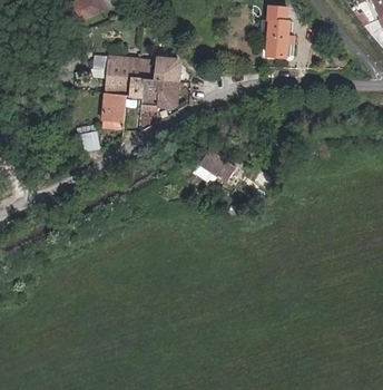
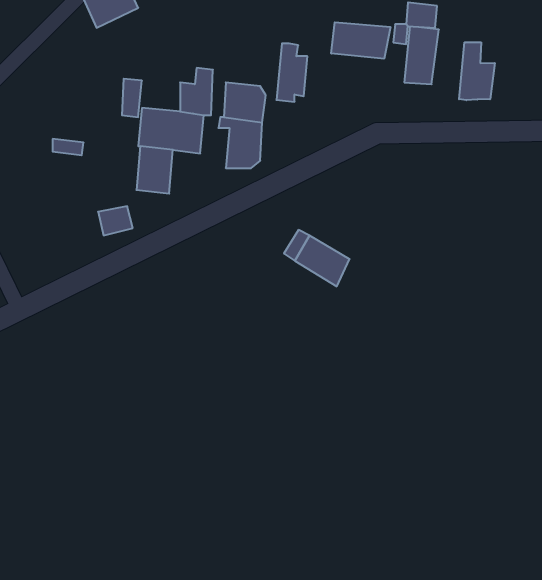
building: none -> [331,22,390,59]
building: none -> [459,42,495,100]
building: [141,76,160,111] -> [276,43,307,102]

